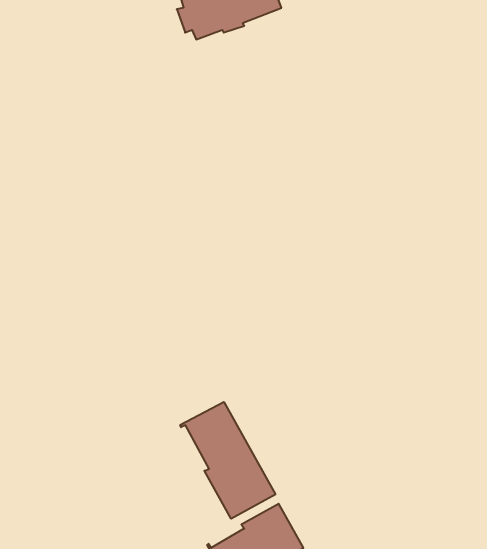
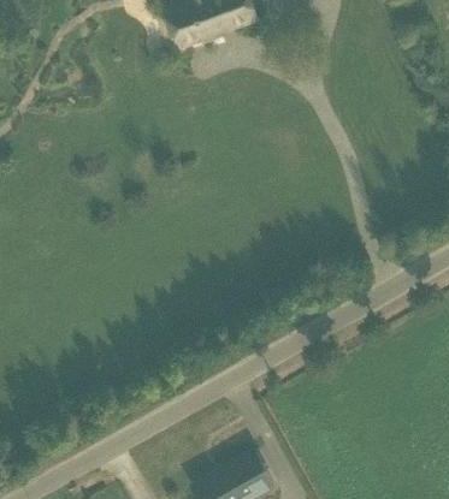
building: [180,402,275,519] -> none

